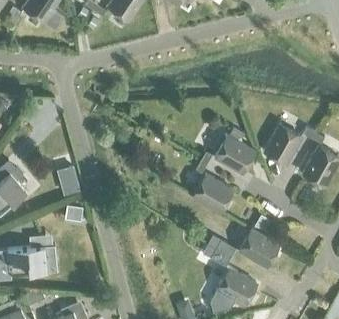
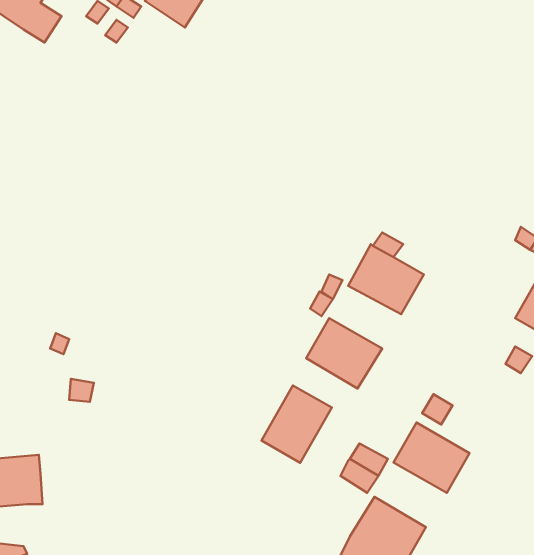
building: [264,124,301,164] -> none
building: none -> [261,385,332,463]

